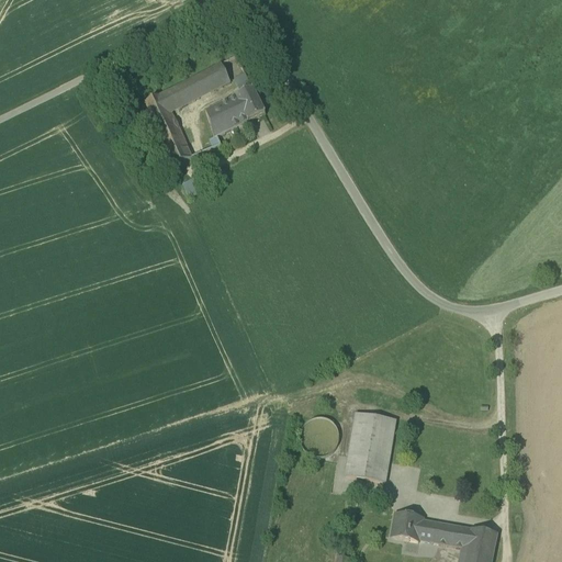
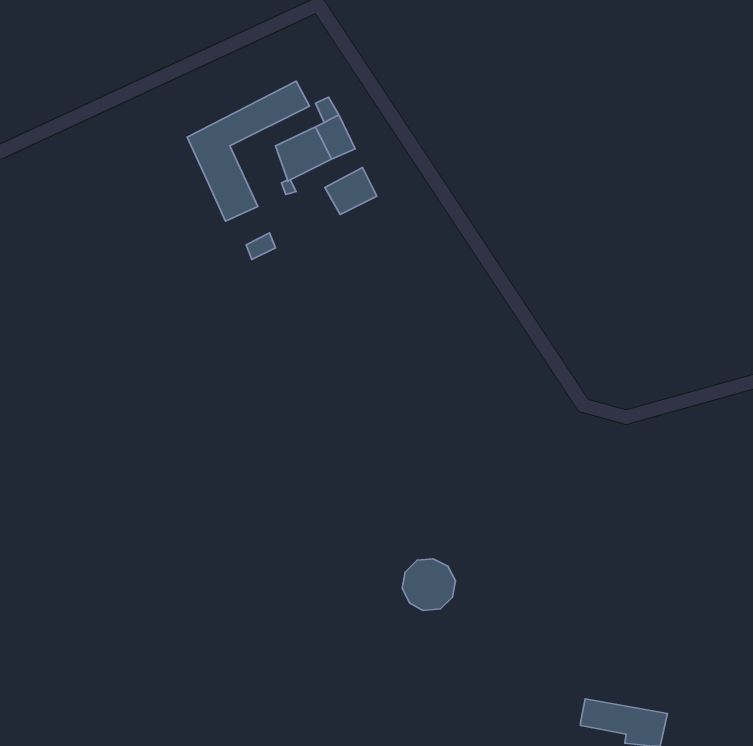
building: none -> [325,168,377,214]
building: [345,412,396,481] -> none
building: [393,512,436,541] -> none

